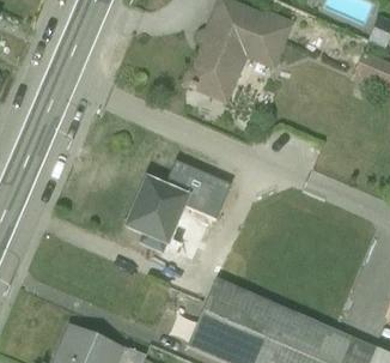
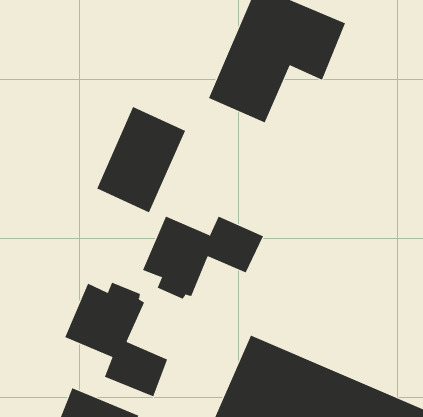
building: none -> [96,106,186,213]
building: none -> [64,282,168,397]

